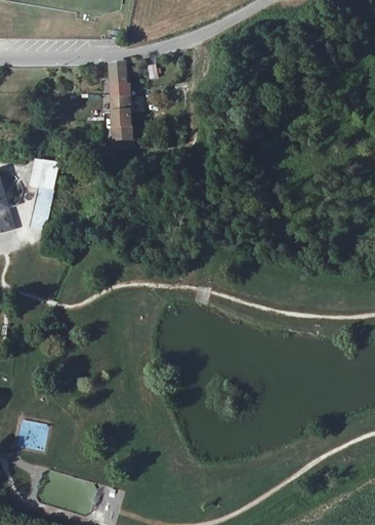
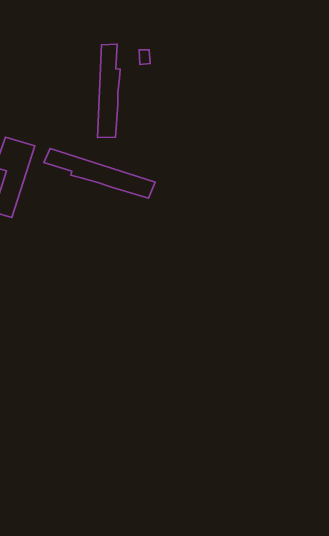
building: none -> [44,148,155,198]

